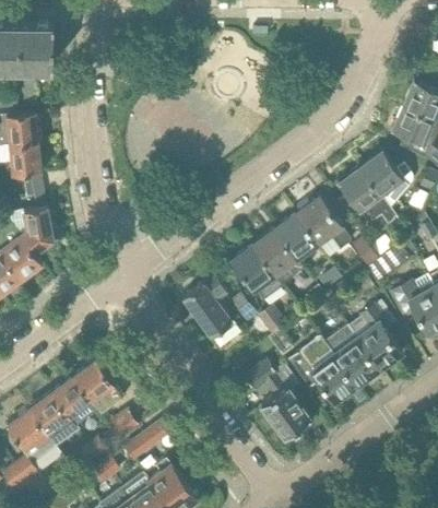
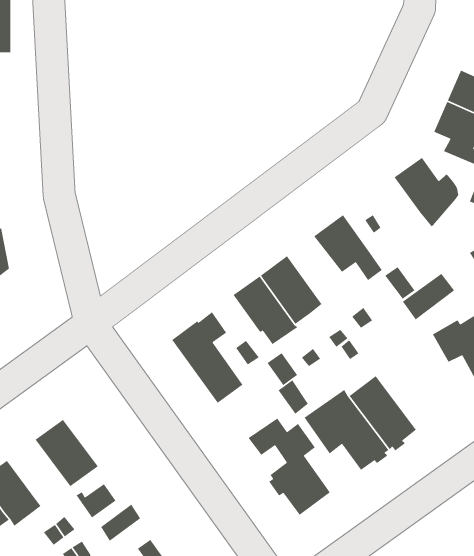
building: [338,168,396,224] -> none
building: [274,215,318,261] -> none
building: [345,307,401,371] -> none
building: [50,378,97,428] -> none

